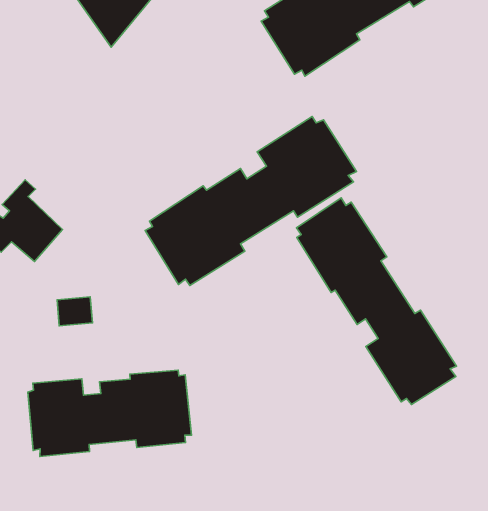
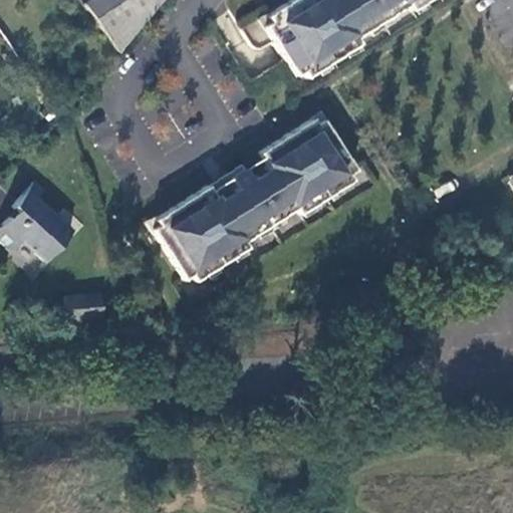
building: [296,198,456,404] -> none
building: [28,370,192,457] -> none

